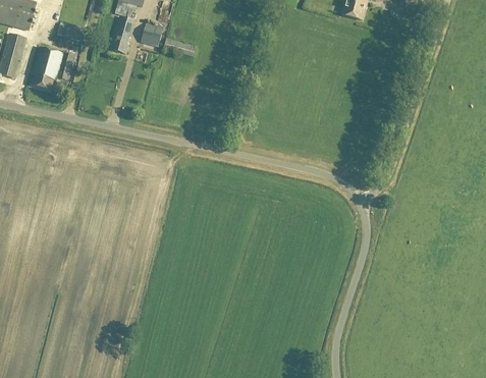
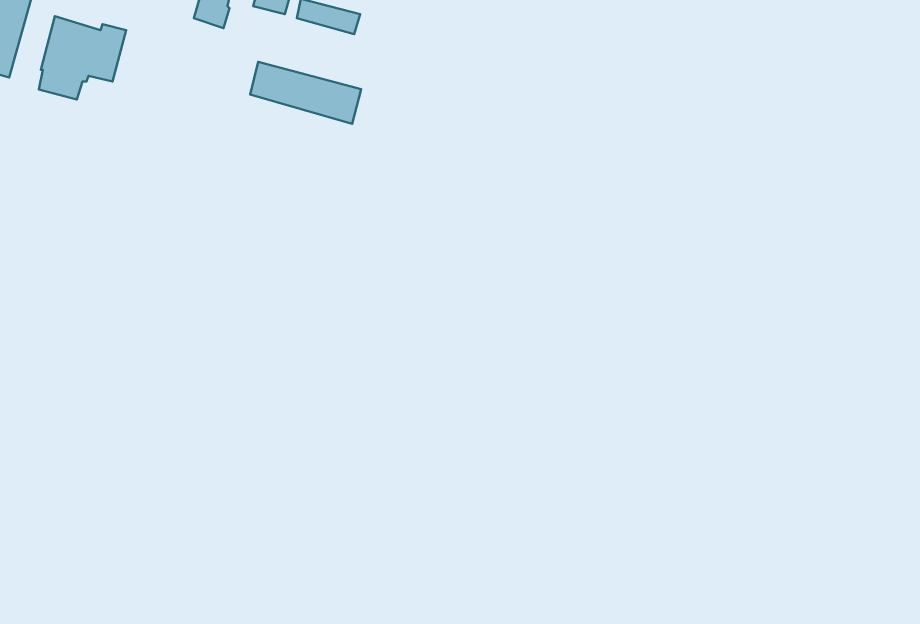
building: none -> [250,62,361,124]

